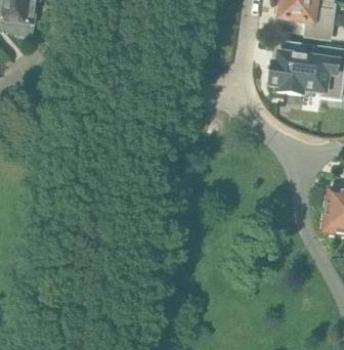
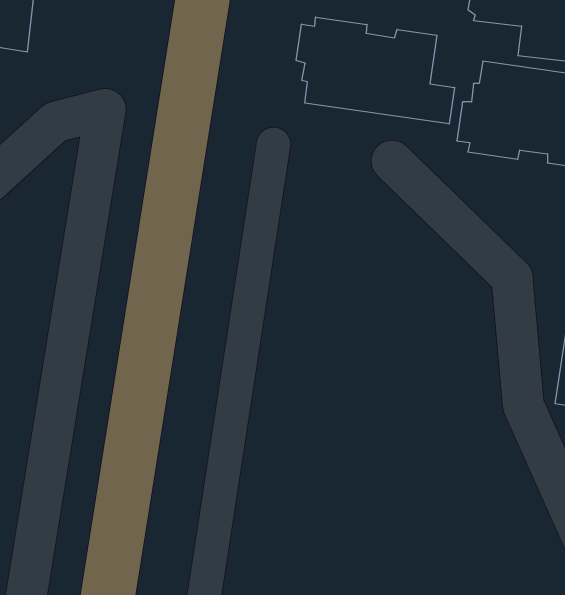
building: none -> [296,17,455,124]

